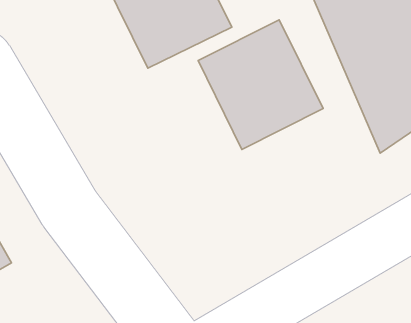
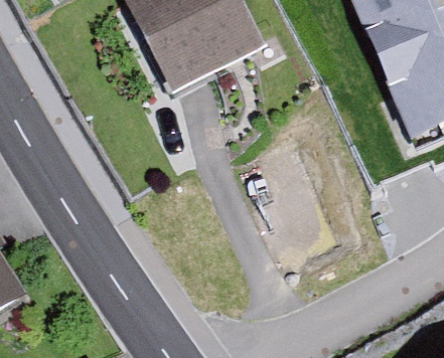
building: [198,20,323,149] -> none

